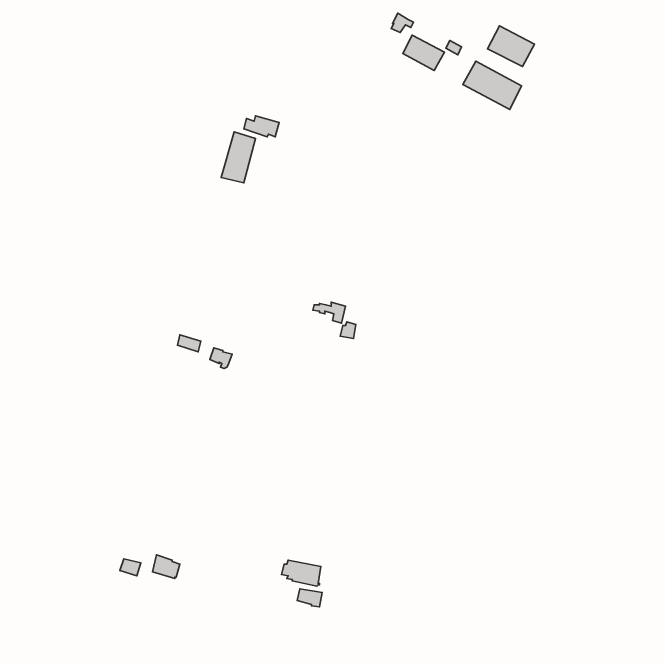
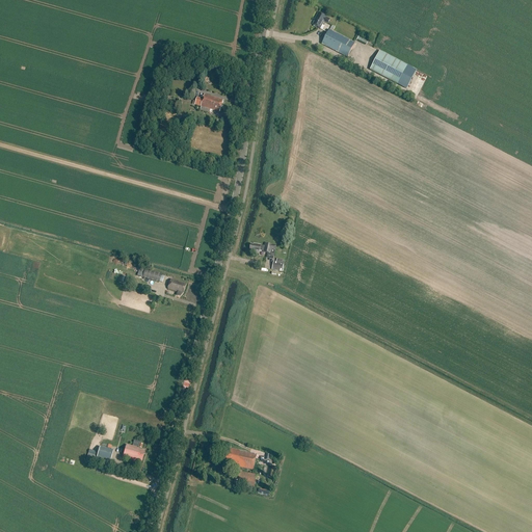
building: [488,26,535,67] -> none
building: [221,132,256,183] -> none

